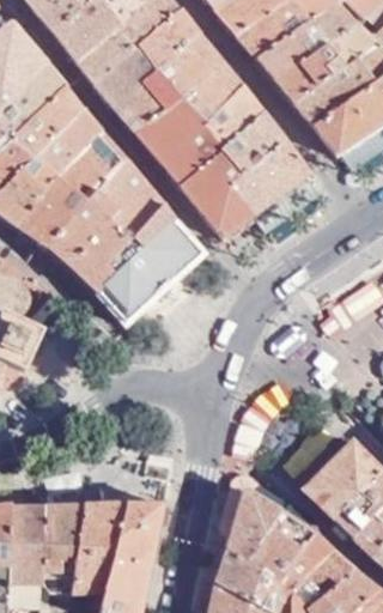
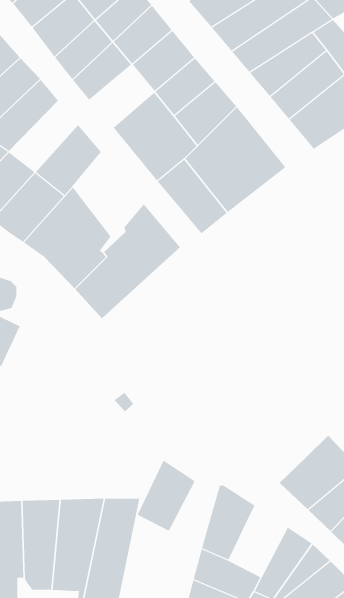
building: [111,68,177,132] -> none
building: [31,104,101,176] -> none
building: [96,156,162,241] -> none
building: [251,510,310,582] -> [137,460,195,531]

